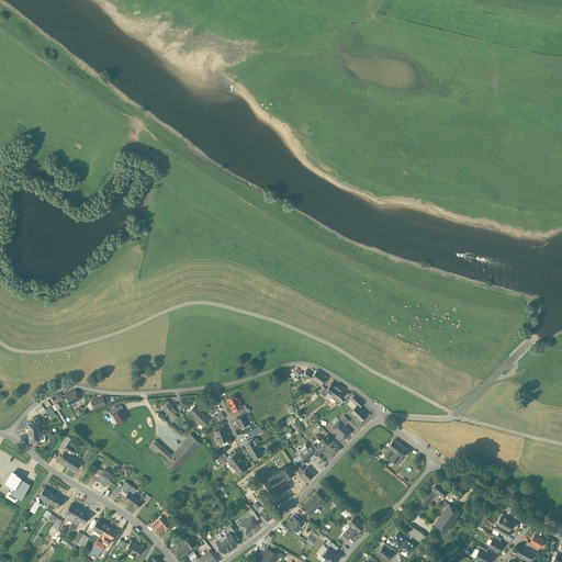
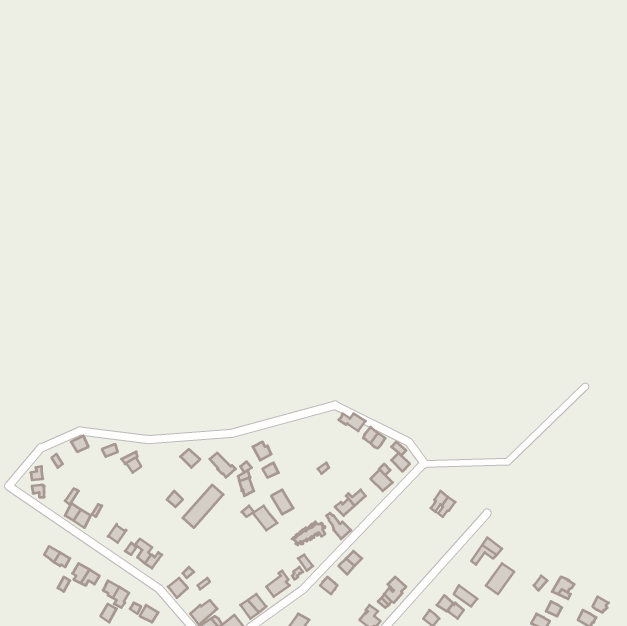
building: [4,473,30,503] -> none

